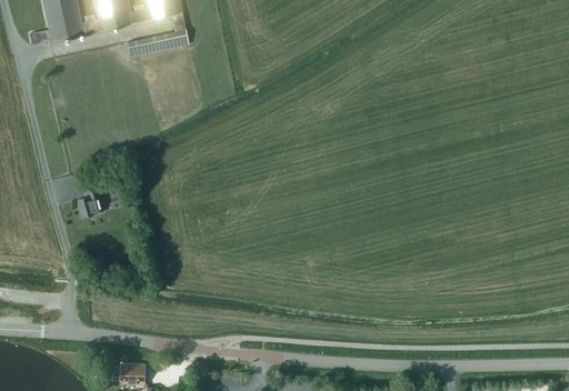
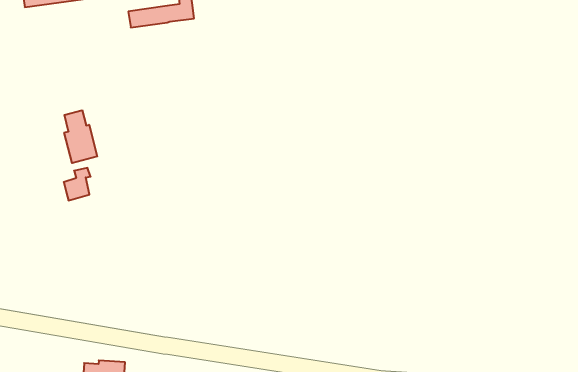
building: none -> [64,110,97,163]

